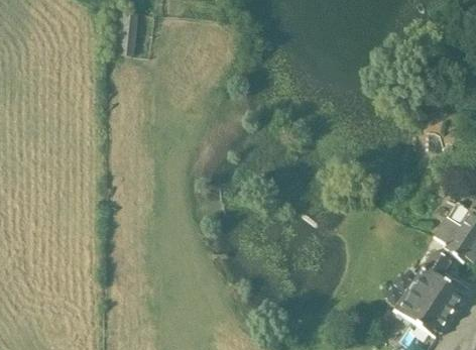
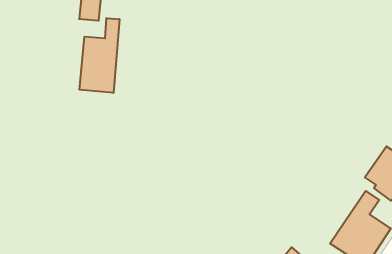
building: none -> [79,18,119,93]

